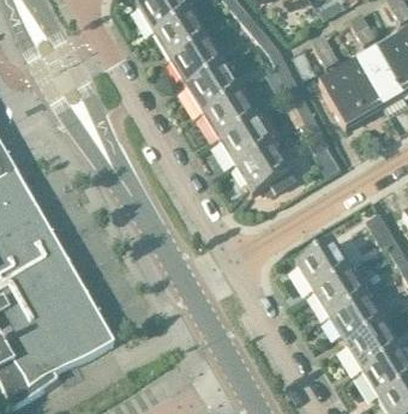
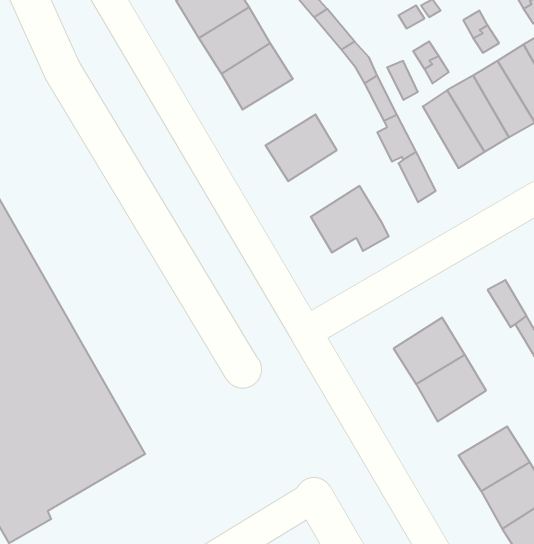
building: [185,62,239,112] -> none
building: [218,115,271,164] -> none
building: [329,293,380,341] -> none

